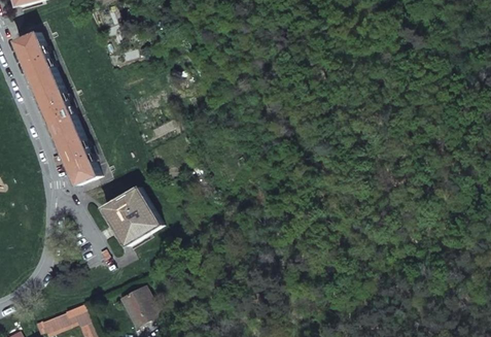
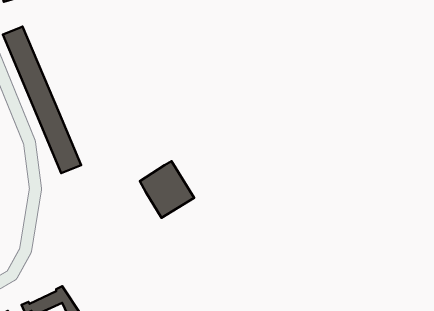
building: [101,188,157,246] -> [140,161,194,218]
building: [117,287,153,323] -> none

